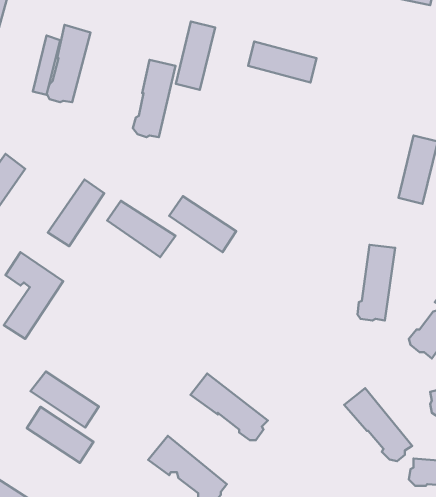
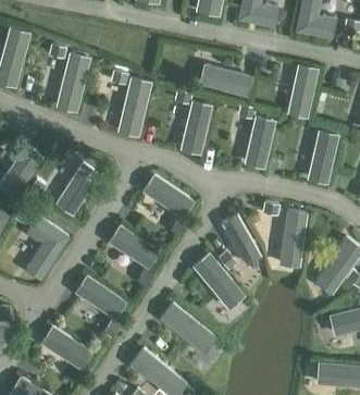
building: [176,22,215,90] -> [182,103,210,152]
building: none -> [289,66,316,115]
building: none -> [246,118,274,166]
building: [107,201,175,257] -> [110,227,159,268]
building: none -> [222,215,260,263]
building: [31,371,99,428] -> [76,277,125,318]
building: [344,388,412,461] -> [194,255,243,307]

